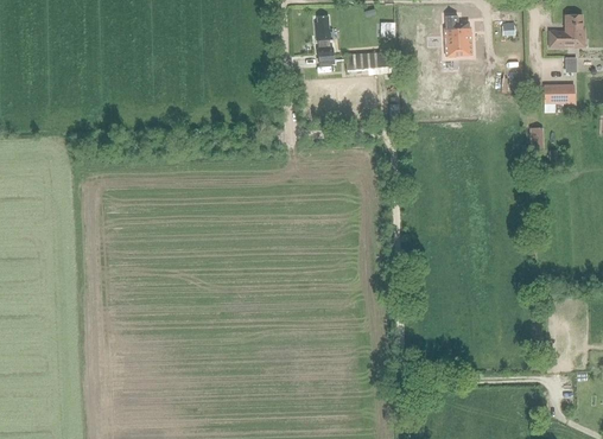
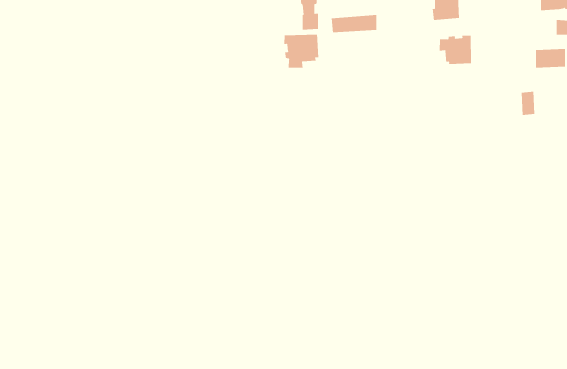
building: none -> [284,34,319,68]
building: none -> [439,35,471,65]

